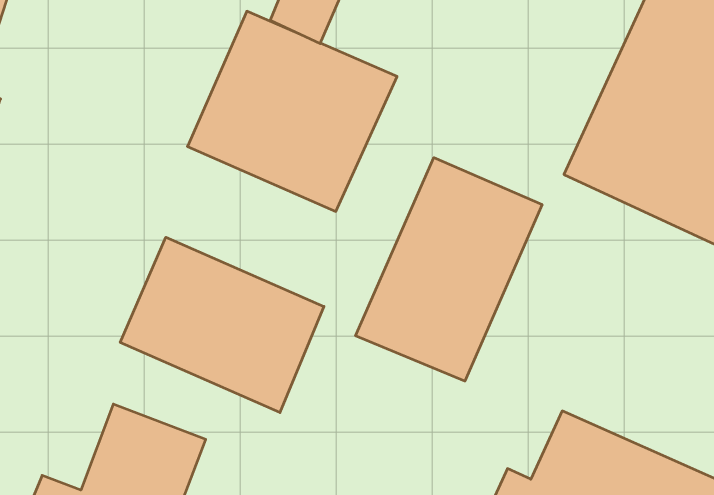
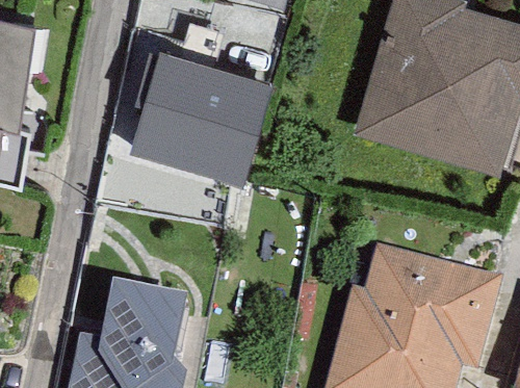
building: [356,158,542,381] -> none
building: [120,237,324,413] -> none

